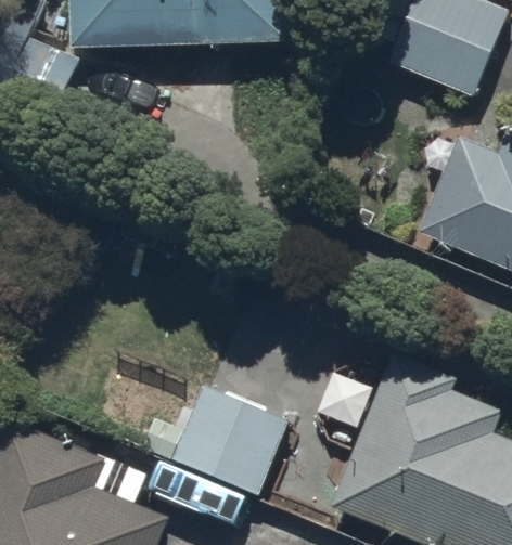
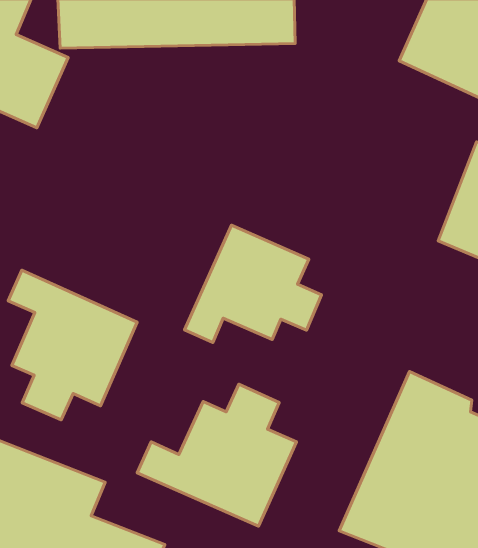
building: none -> [184,225,322,342]
building: none -> [8,270,137,420]

